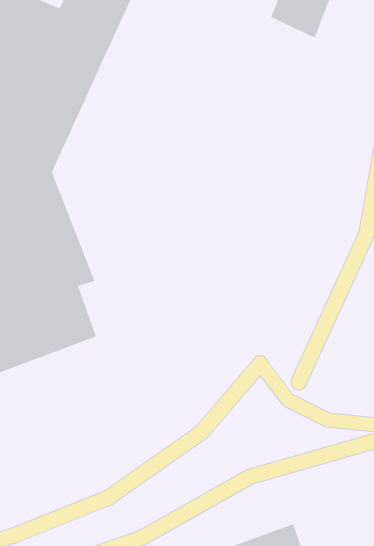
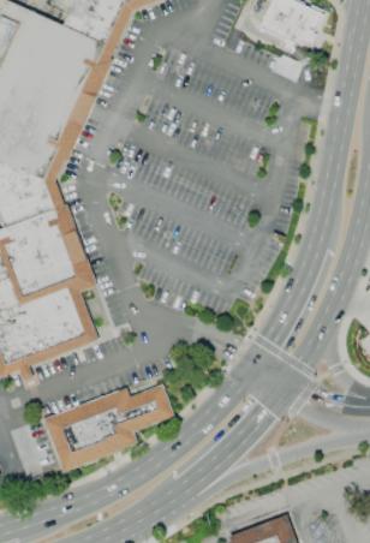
building: none -> [42,383,174,473]

